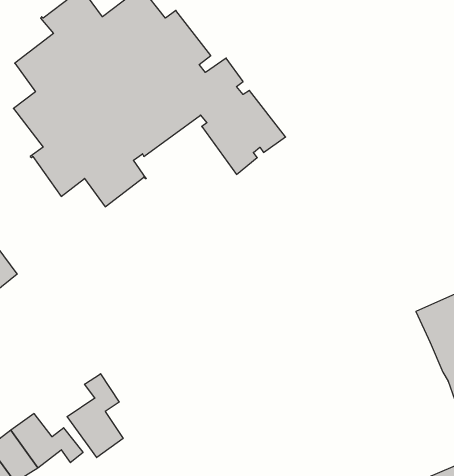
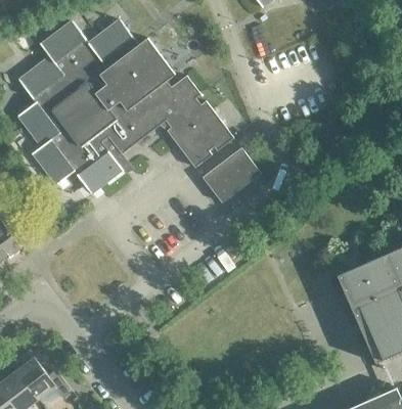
building: none -> [202,147,260,202]
building: [67,374,123,458] -> none

